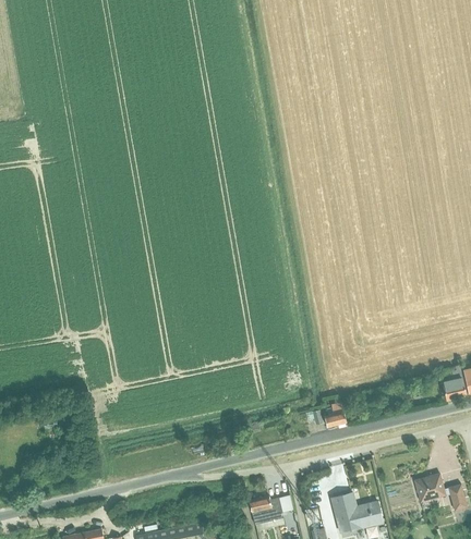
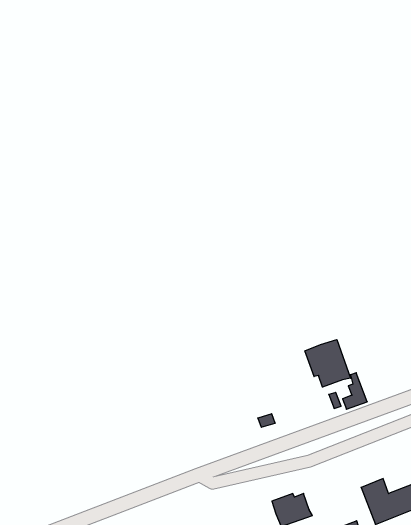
building: none -> [305,340,351,387]

